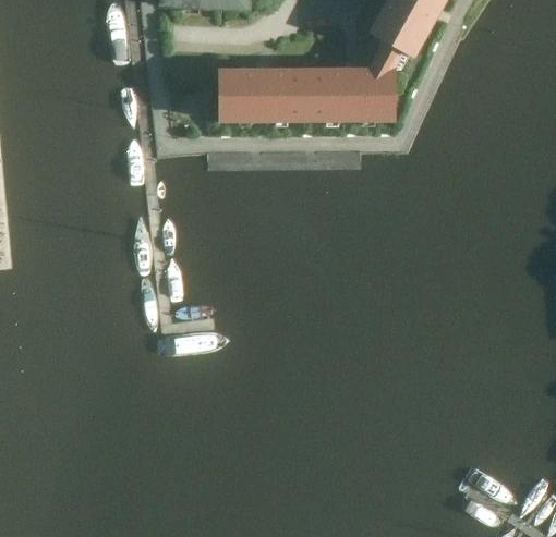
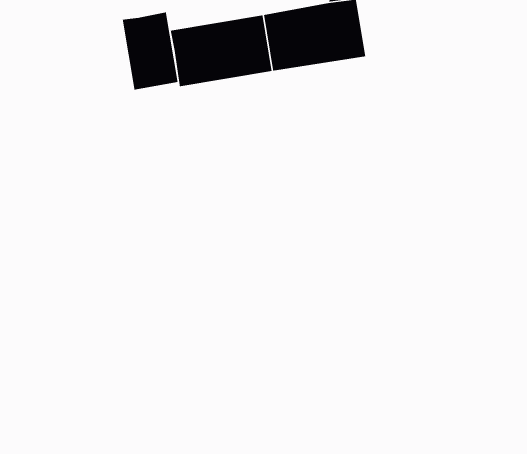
building: none -> [122,12,179,90]

